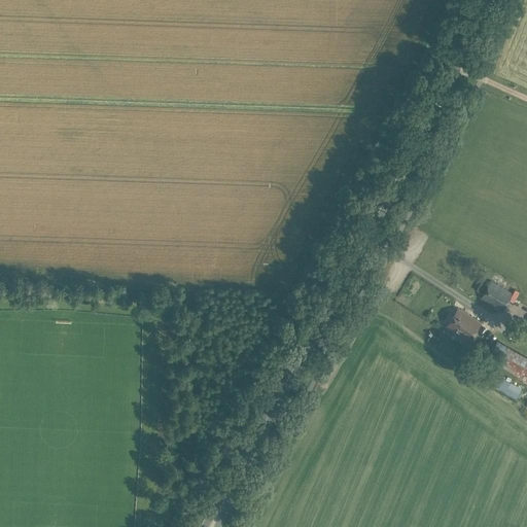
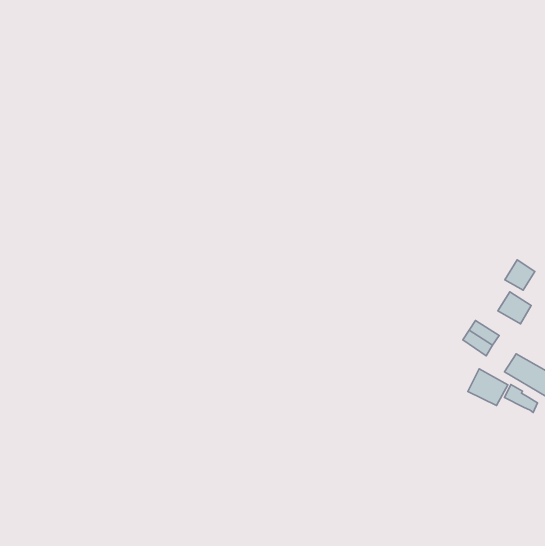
building: none -> [505,260,535,290]
building: none -> [468,369,508,405]

